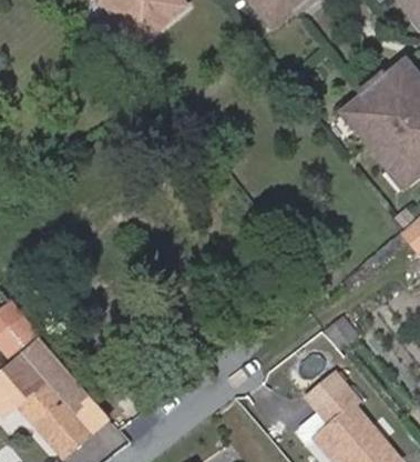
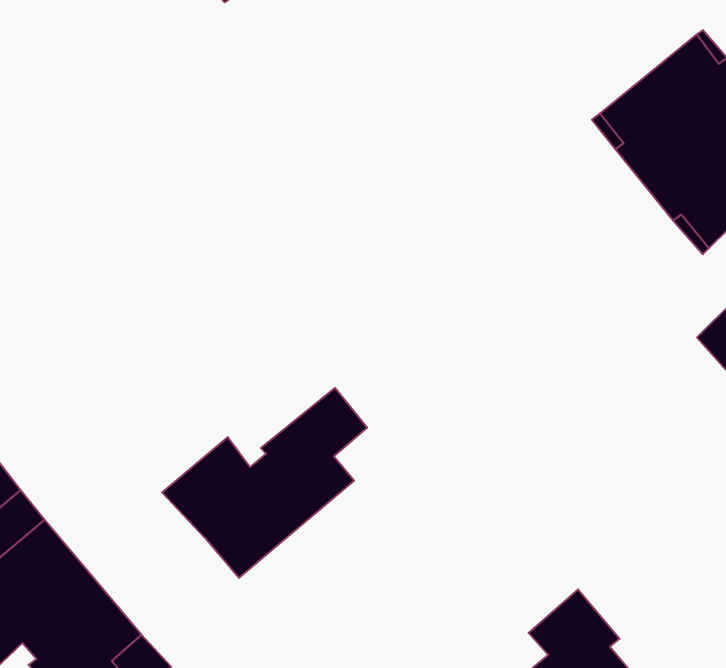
building: none -> [162,388,367,578]

